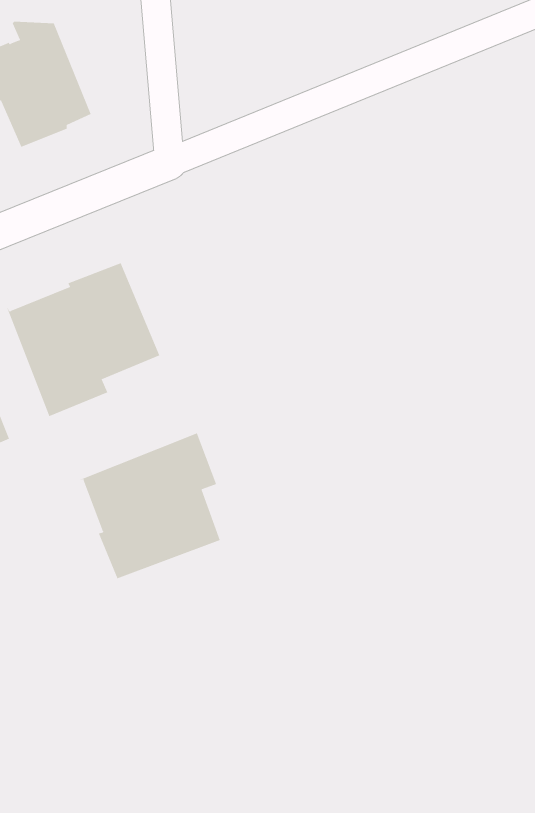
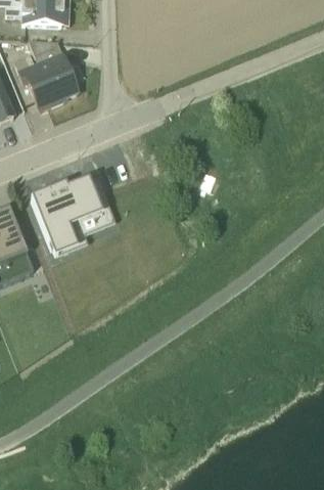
building: [77,432,221,579] -> none

